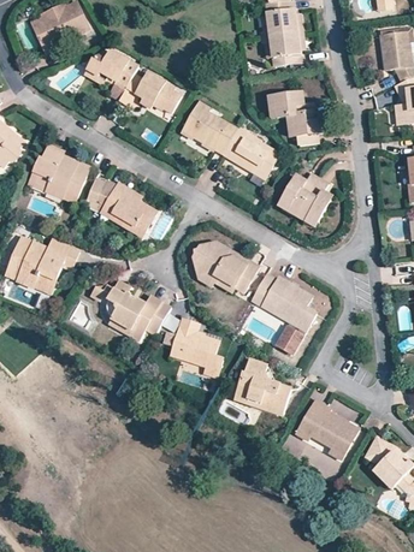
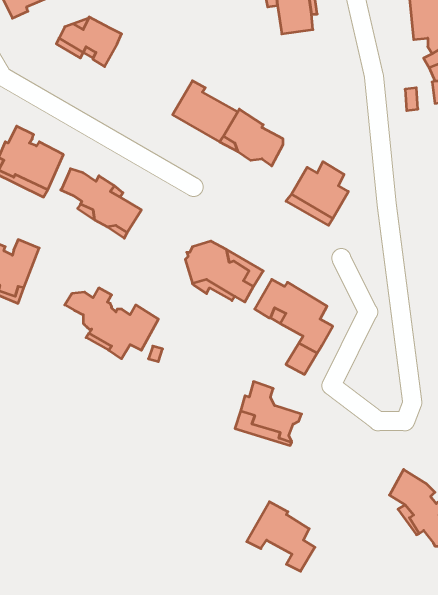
building: [117,73,183,114] -> none
building: [278,93,323,146] -> none
building: [173,319,224,378] -> none
building: [296,399,354,458] -> [247,502,315,571]

